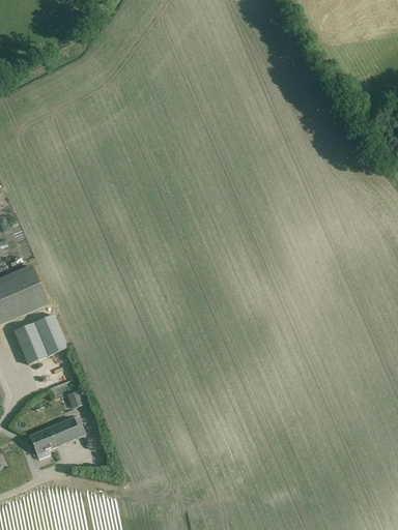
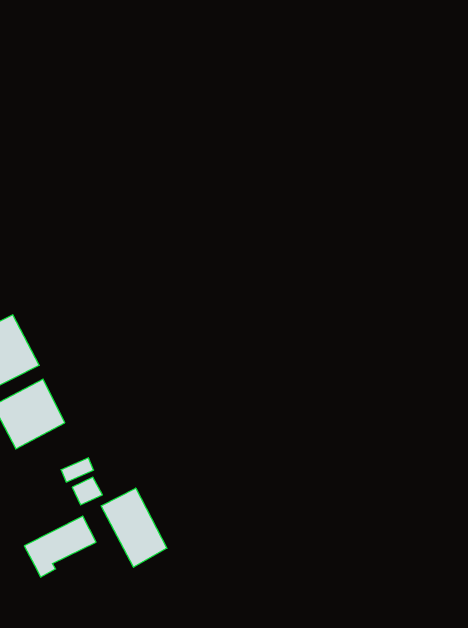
building: none -> [101,488,167,567]

